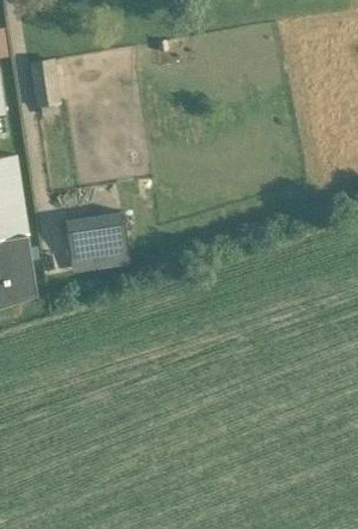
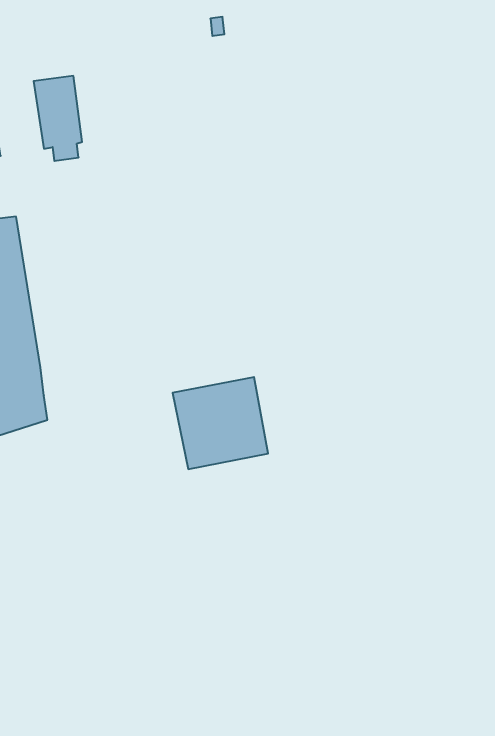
building: [61,209,127,273] -> [173,377,268,469]

